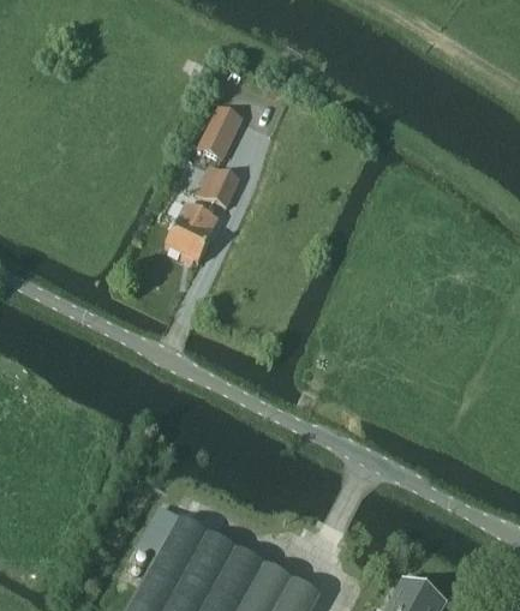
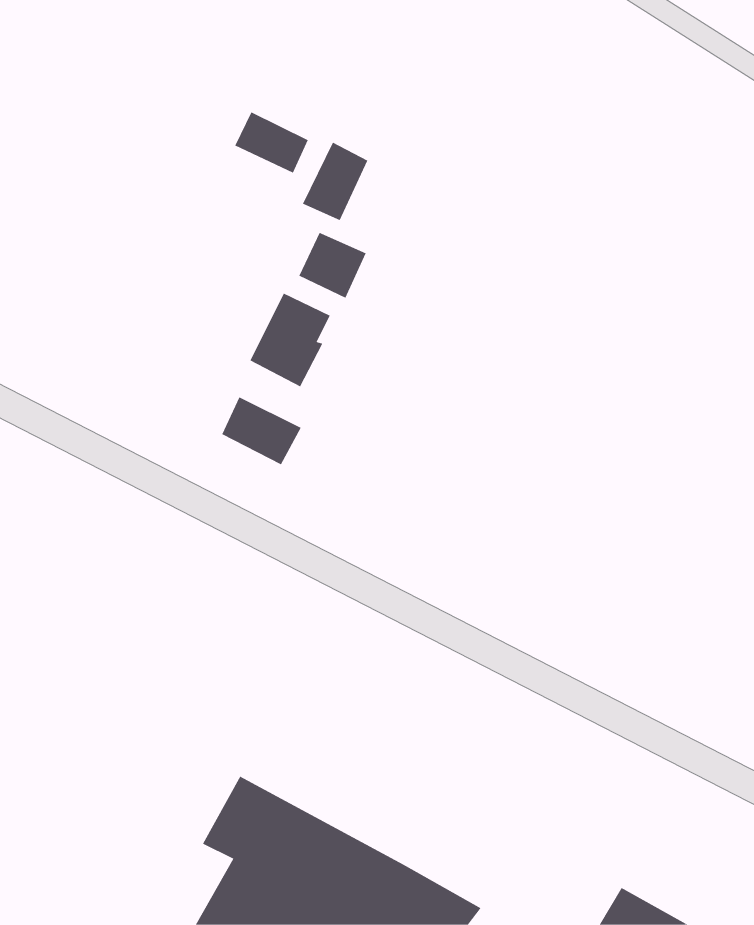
building: none -> [234,111,308,173]
building: none -> [222,396,301,465]

